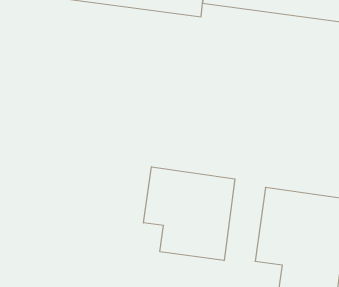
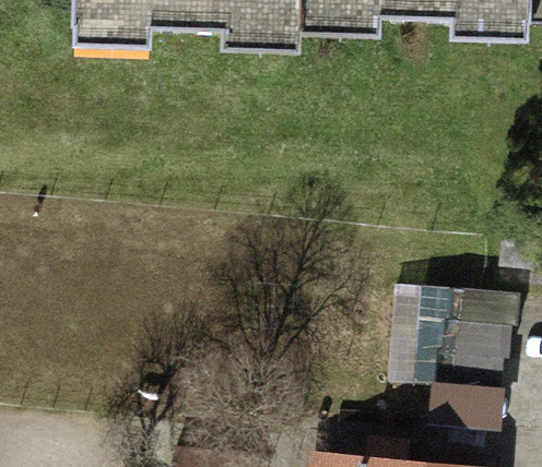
building: [144,167,235,261] -> none

